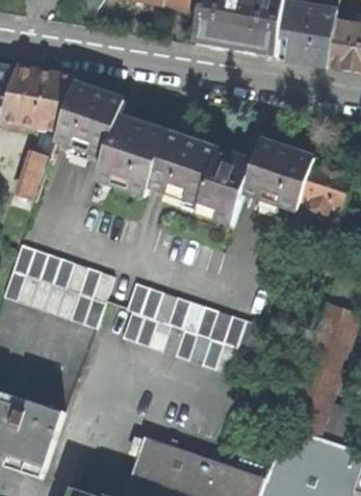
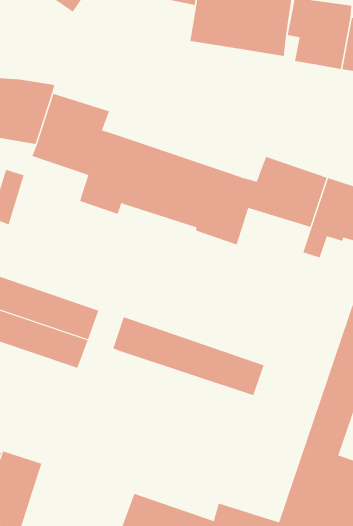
building: [123,312,251,377] -> none

